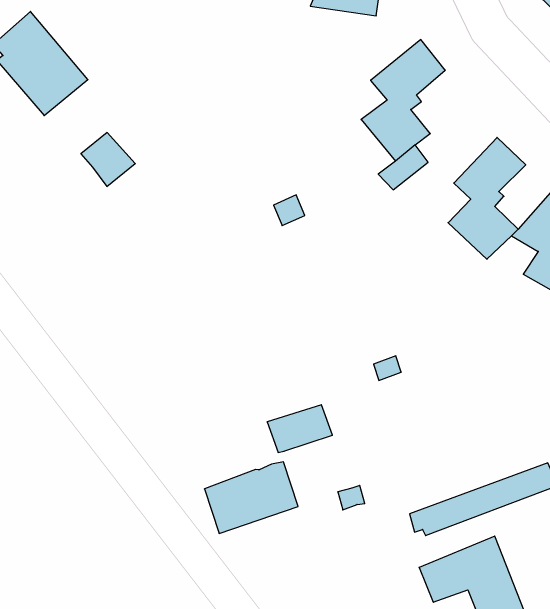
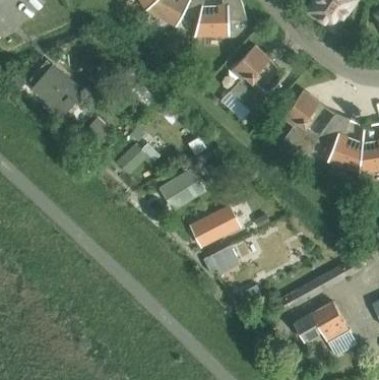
building: none -> [116,142,159,173]
building: none -> [165,155,203,208]
building: [204,462,298,533] -> [190,204,241,247]

